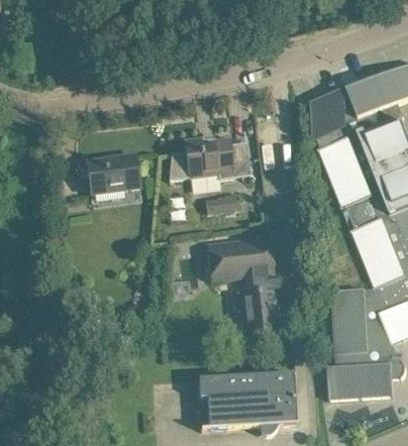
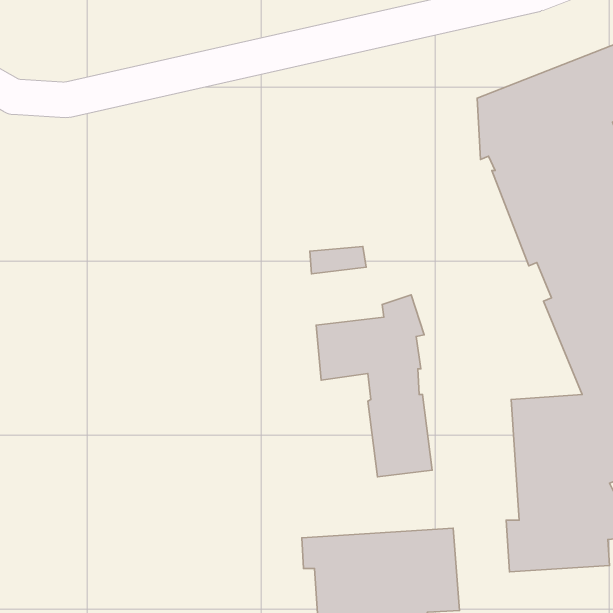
building: [169,135,250,179] -> none
building: [87,153,140,194] -> none

